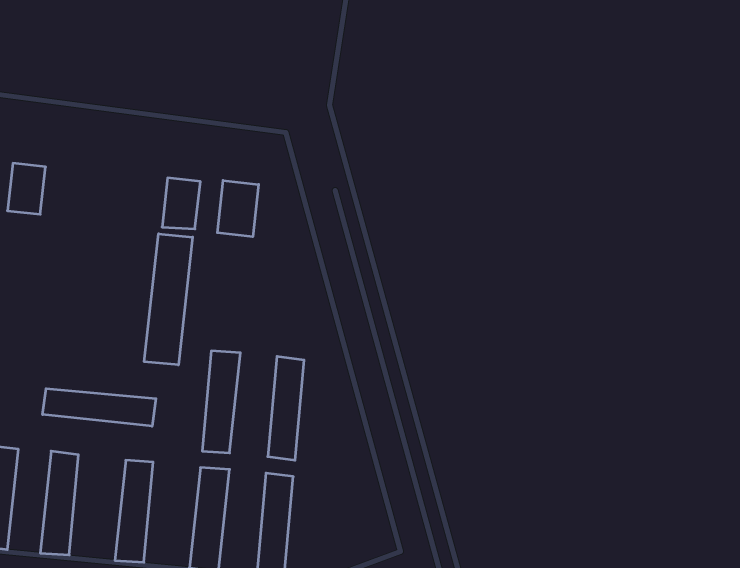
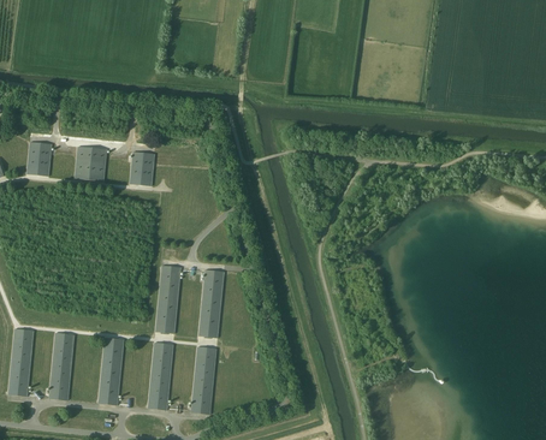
building: none -> [75,147,106,182]
building: [217,180,259,237] -> none
building: [144,234,193,365] -> none
building: [43,389,156,426] -> none

